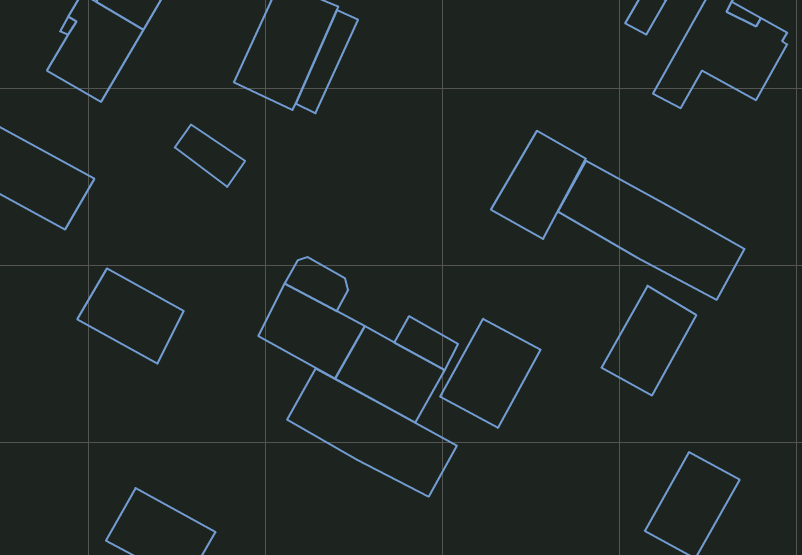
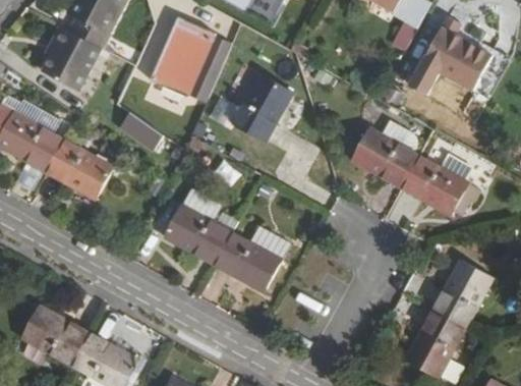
building: [491,131,586,239] -> [232,74,291,142]
building: [77,269,184,364] -> [45,140,111,199]
building: [601,286,696,395] -> [432,259,491,327]
building: [440,319,541,428] -> none
building: [287,369,457,497] -> none
building: none -> [22,306,89,365]

